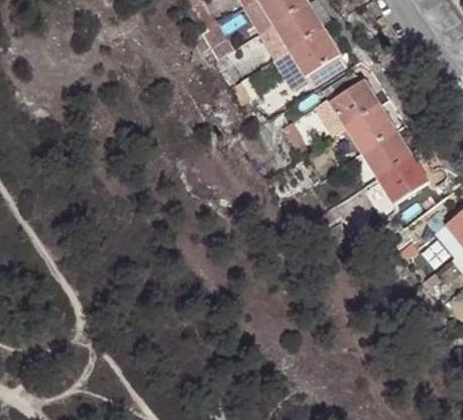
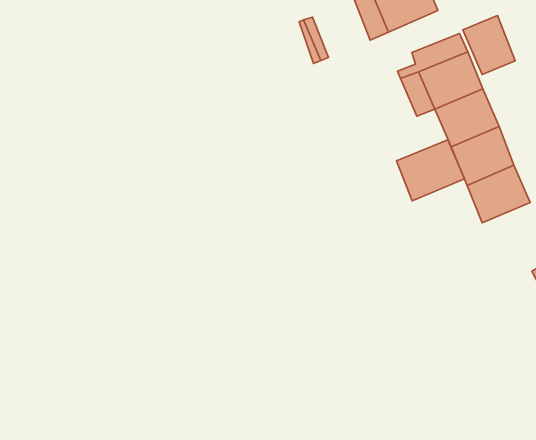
building: none -> [463,16,515,75]
building: none -> [396,140,464,201]

